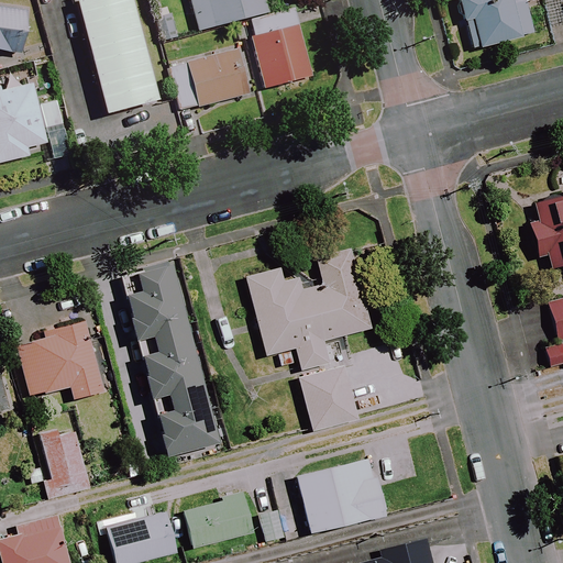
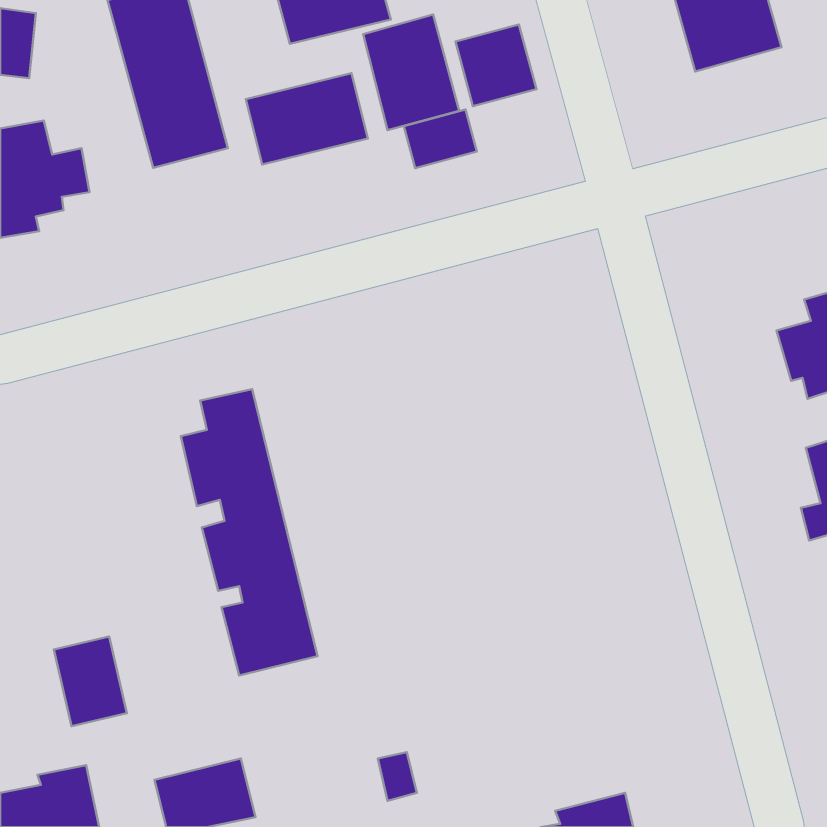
building: none -> [455,24,536,106]
building: none -> [404,109,477,168]
building: [245,250,369,430] -> none
building: [16,320,106,401] -> none
building: [298,462,387,532] -> none
building: [184,495,254,550] -> none

